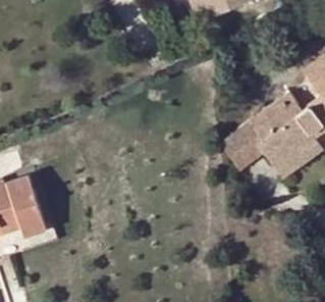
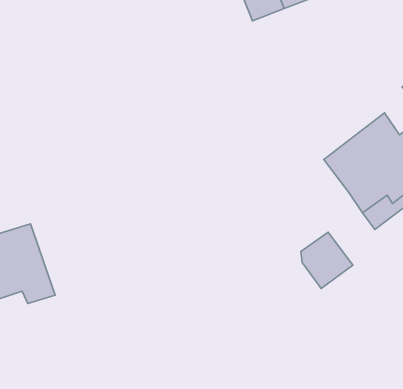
building: [224,128,263,169] -> [301,232,353,288]

